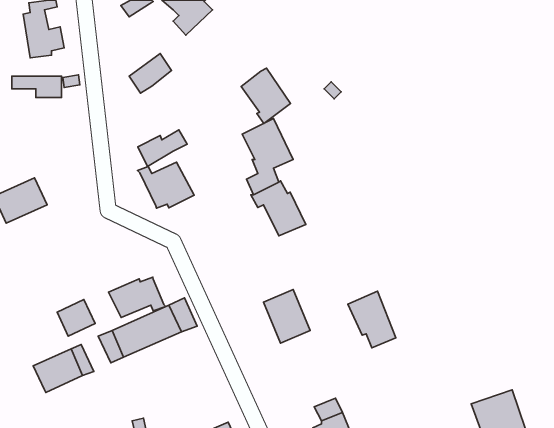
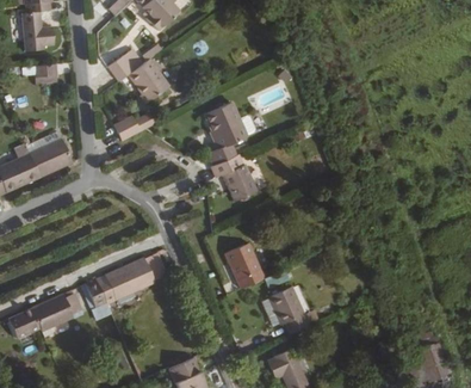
building: [241,68,291,123] -> [130,57,172,104]
building: none -> [31,135,73,173]
building: [137,162,194,208] -> none
building: [109,277,166,318] -> none
building: [348,291,396,348] -> [268,287,309,334]
building: [57,299,95,336] -> [7,309,39,340]

